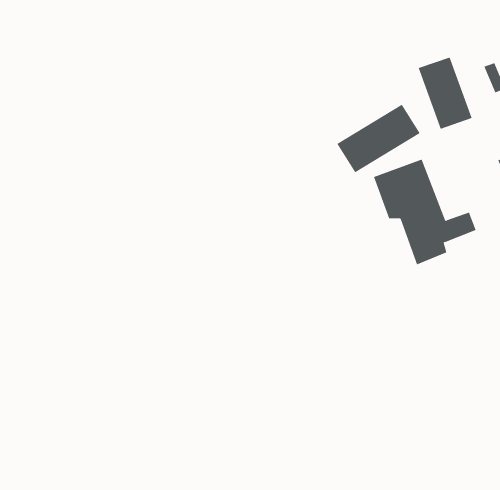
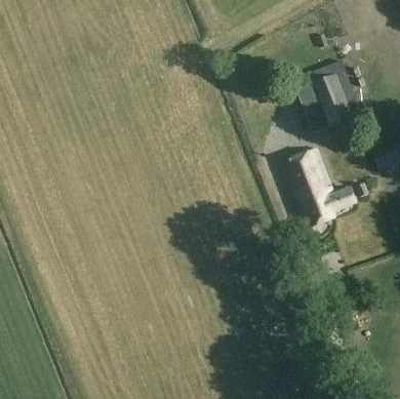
building: [337,104,421,173] -> none

